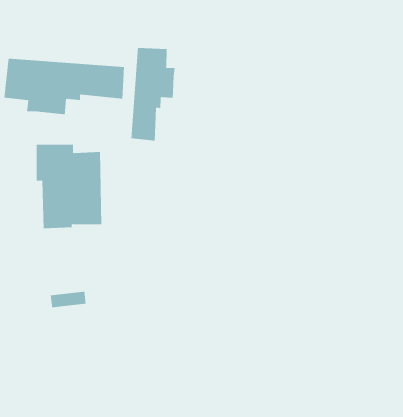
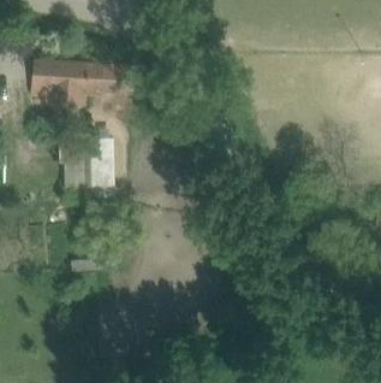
building: [131,47,175,141] -> none

